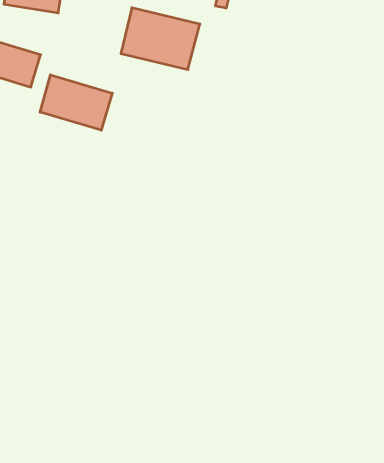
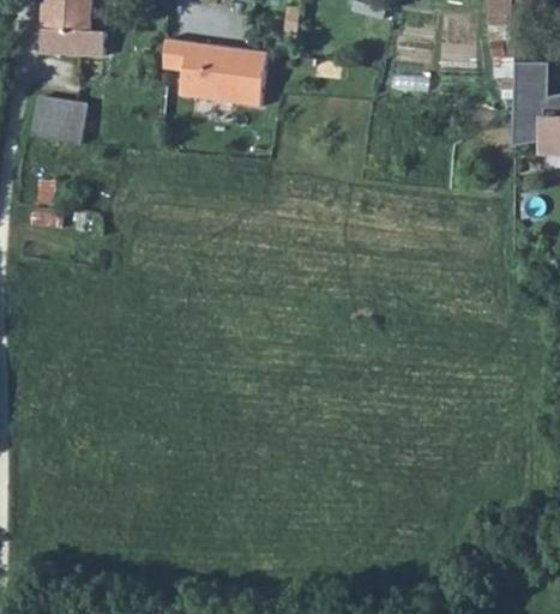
building: [40,75,112,130] -> none

